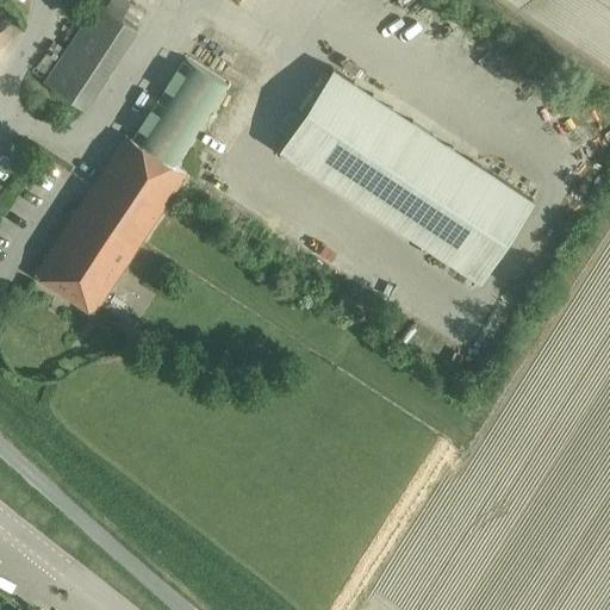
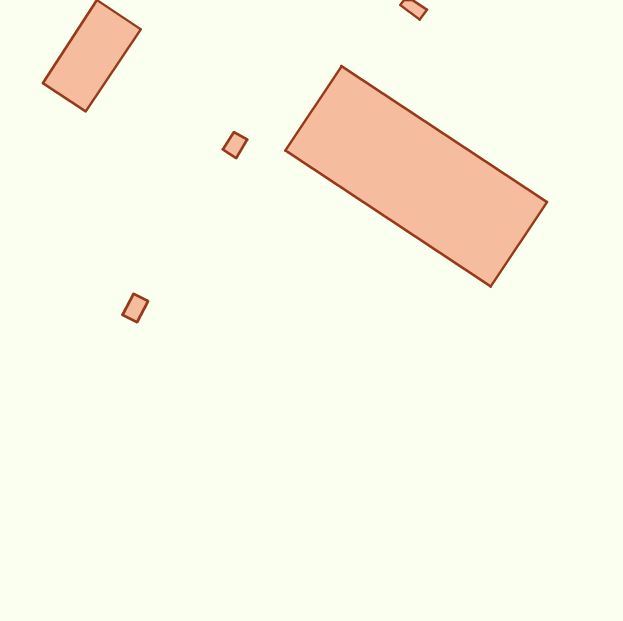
building: [32,62,228,317] -> none

